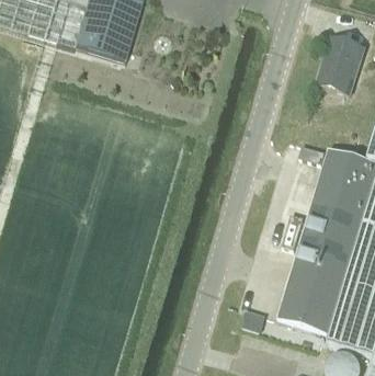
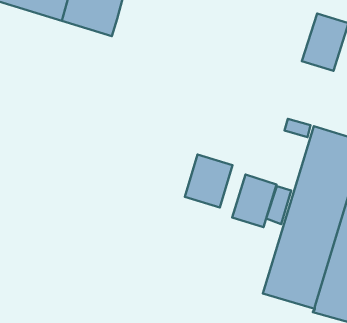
building: none -> [185,155,232,208]
building: none -> [232,175,277,227]

